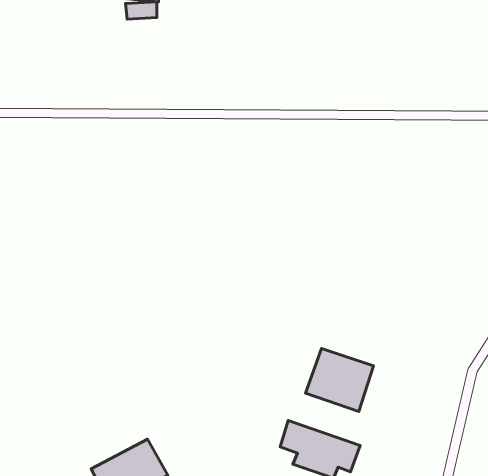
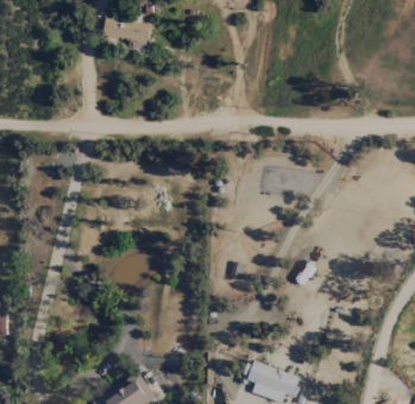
building: [305,348,374,412] -> none

